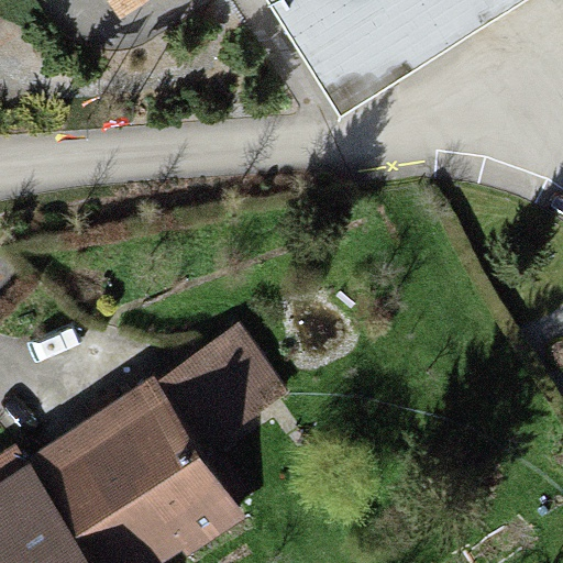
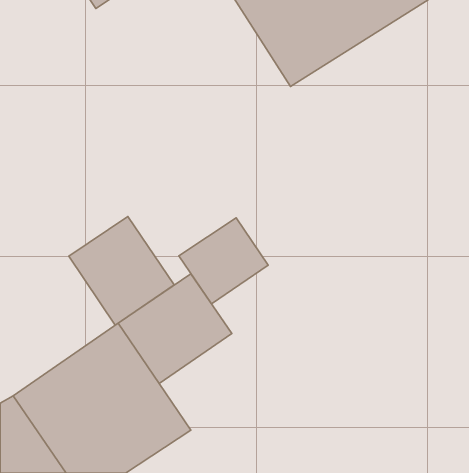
building: none -> [69,216,174,325]
building: none -> [179,218,268,304]

